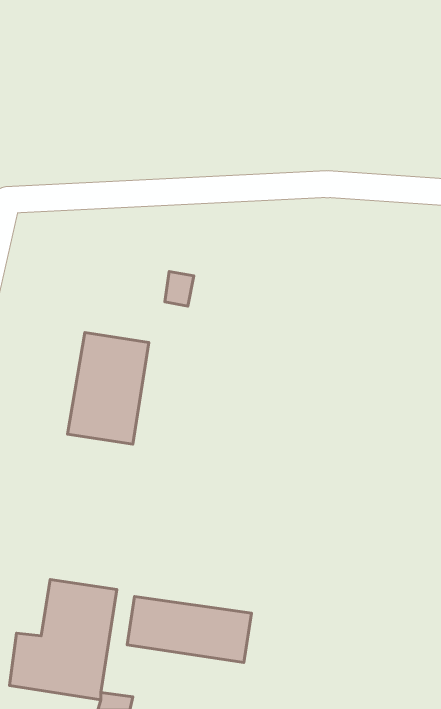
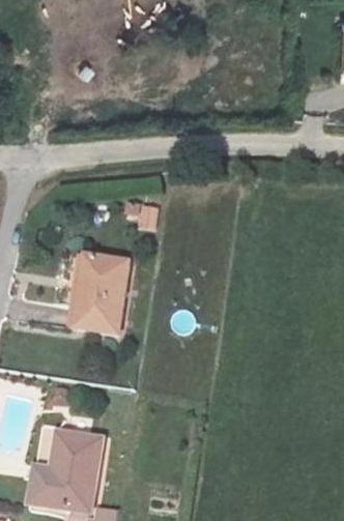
building: [127,596,252,663] -> none

